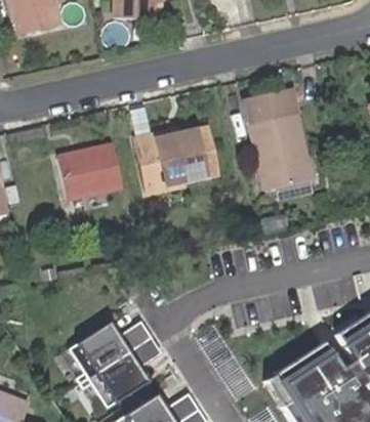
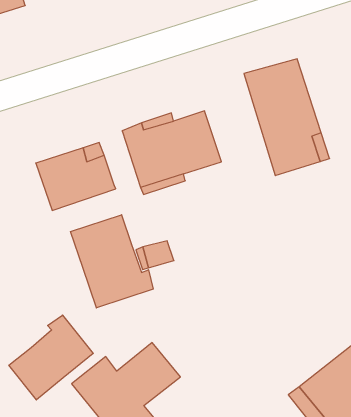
building: none -> [70,215,153,308]
building: none -> [9,315,93,400]

